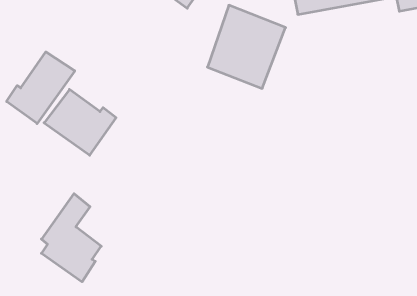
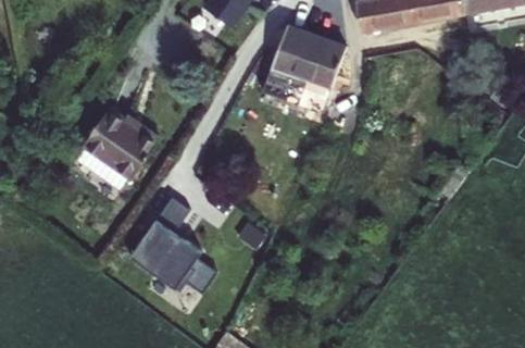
building: [7,52,75,124] -> none
building: [41,194,101,282] -> [139,196,203,290]

